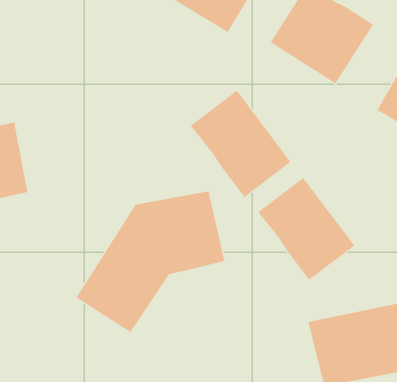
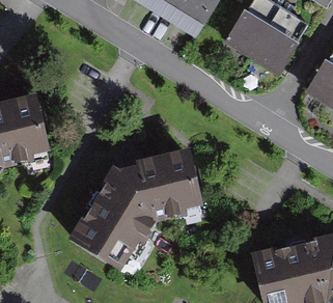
building: [190,90,291,198] -> none
building: [258,177,355,281] -> none

